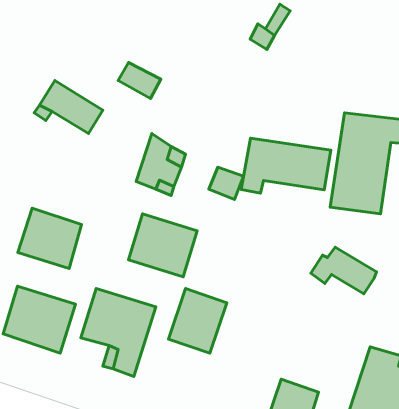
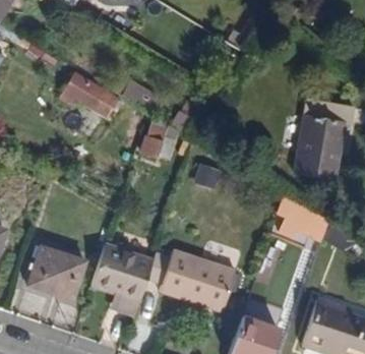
building: [241,138,331,193] -> none
building: [18,208,82,269] -> none
building: [128,214,197,277] -> none
building: none -> [194,257,237,308]

